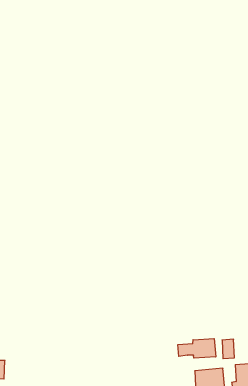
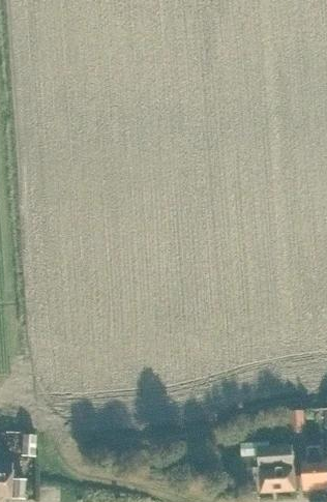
building: [178,339,216,358] -> none

